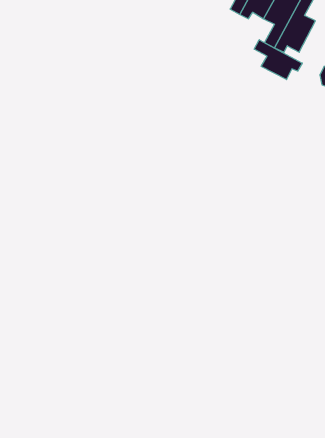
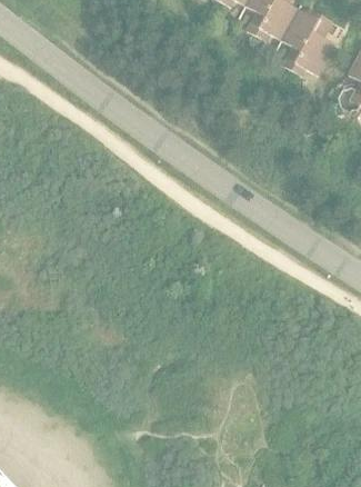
building: [254,40,302,80] -> none

